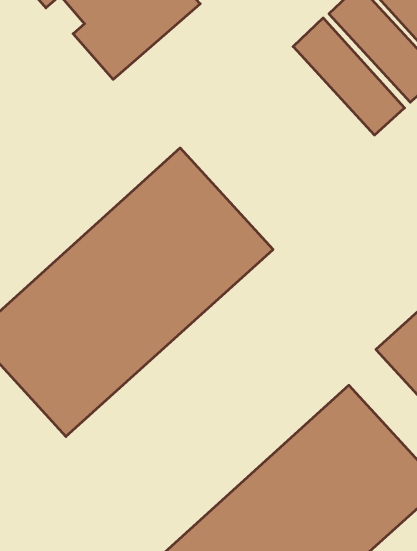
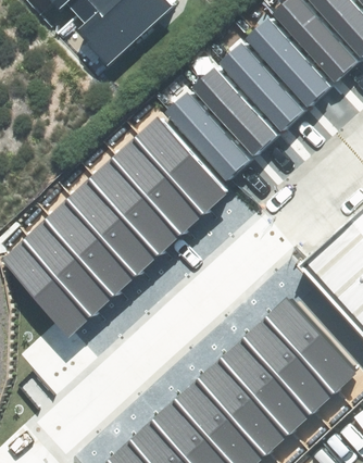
building: none -> [217,42,303,130]
building: none -> [190,67,275,157]
building: none -> [163,92,248,182]

